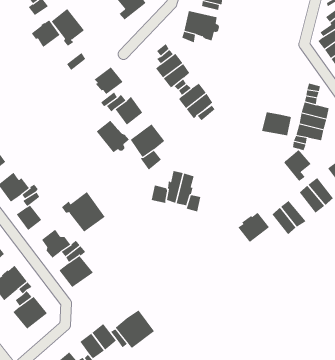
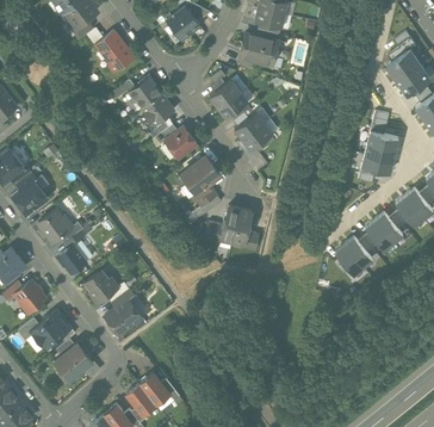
building: [31,19,60,48] -> [129,78,161,109]
building: [261,112,292,136] -> none
building: [96,120,130,153] -> none
building: [283,149,311,182] -> none
building: [61,191,105,232] -> none
building: [238,212,270,243] -> none
building: [115,309,155,349] -> none

